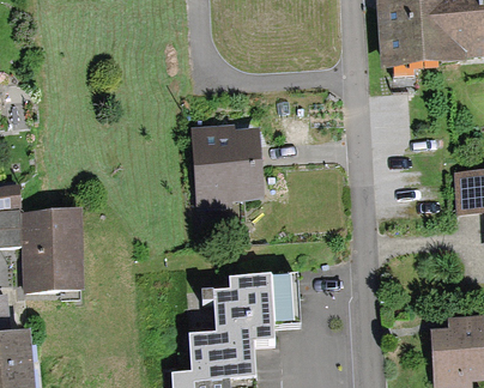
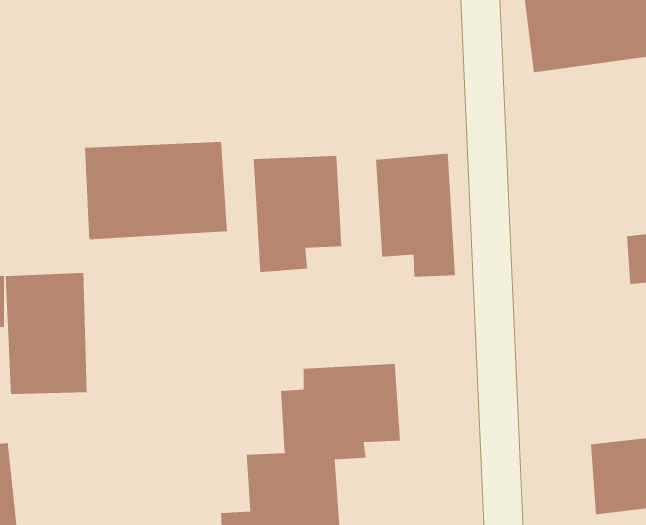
building: none -> [85,141,228,240]
building: none -> [376,153,456,278]

